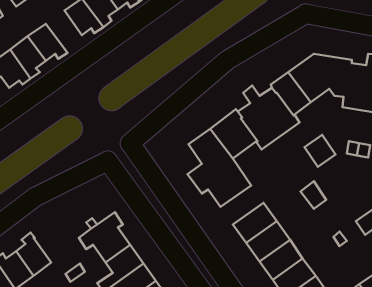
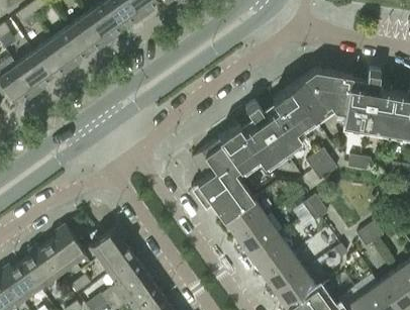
building: none -> [52,27,87,69]
building: none -> [223,199,266,237]
building: none -> [39,225,91,275]

